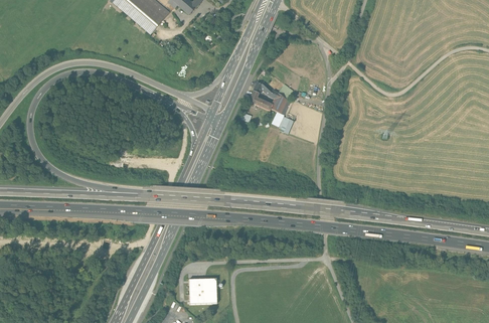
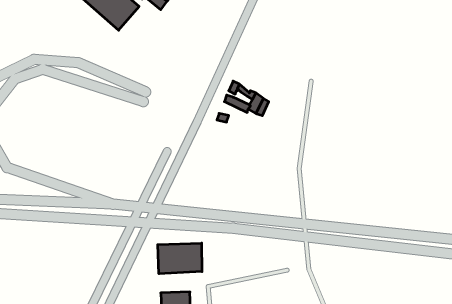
building: none -> [158,243,202,274]

